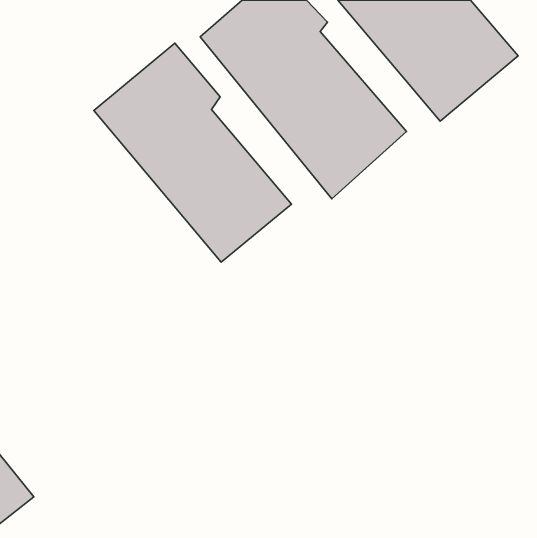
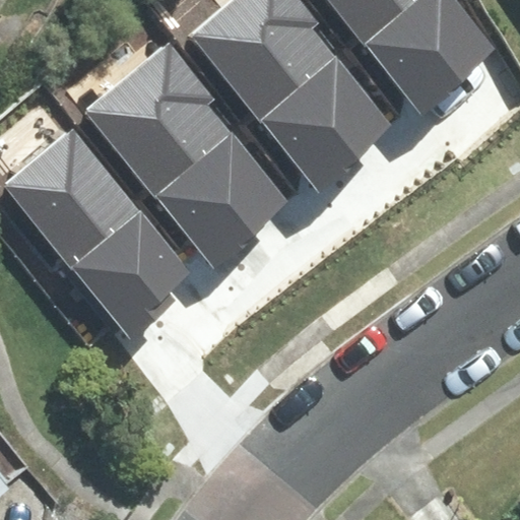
building: none -> [5,128,186,339]

